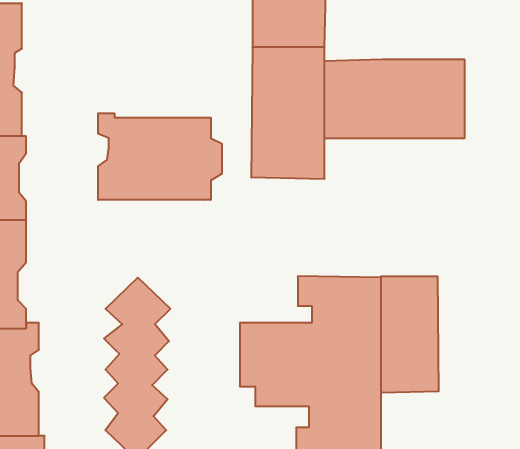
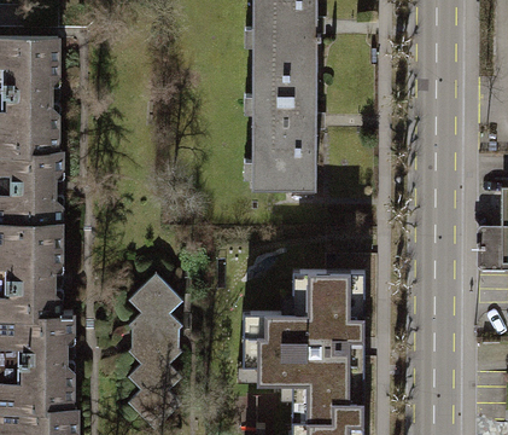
building: [325,59,464,138] -> none
building: [98,113,222,200] -> none
building: [381,276,439,393] -> none

